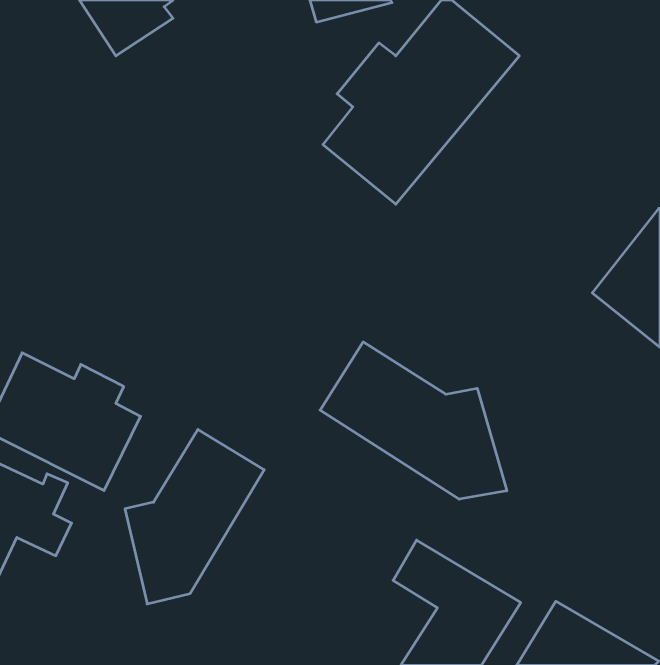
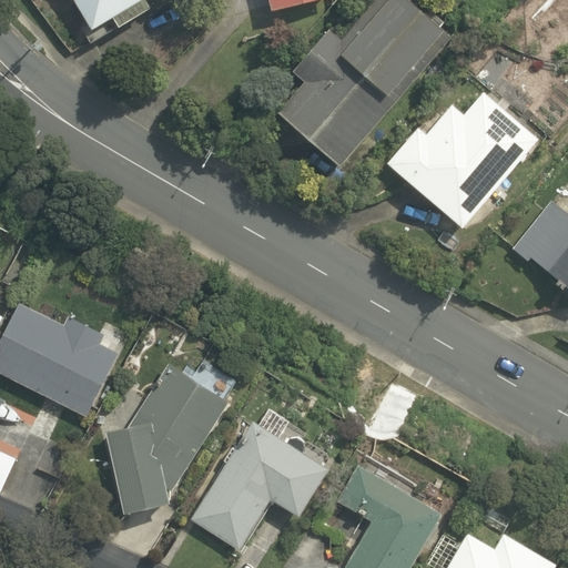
building: none -> [382,71,534,234]
building: [320,342,507,499] -> none
building: none -> [194,422,329,547]

